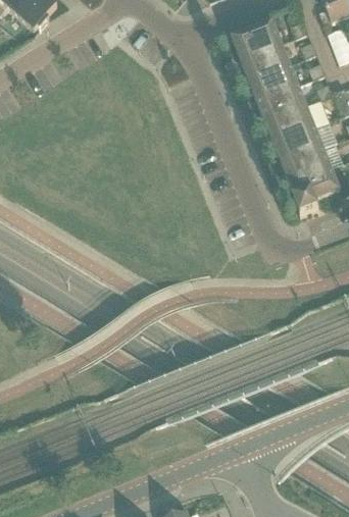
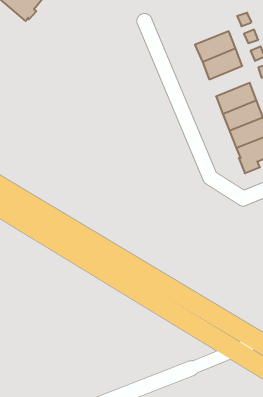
building: [232,18,281,56] -> none
building: [257,82,306,118] -> none

